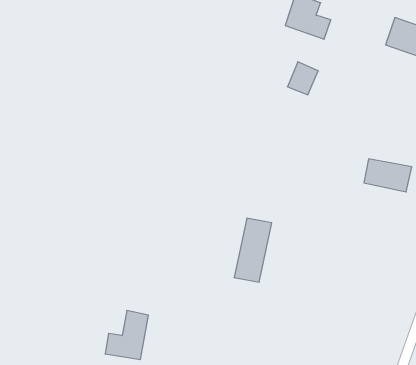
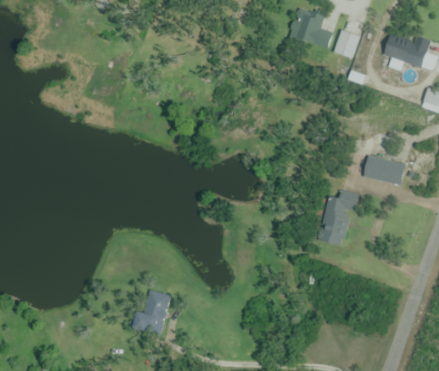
building: [287,62,318,95] -> [331,28,359,58]
building: [234,218,272,282] -> [321,189,354,246]

